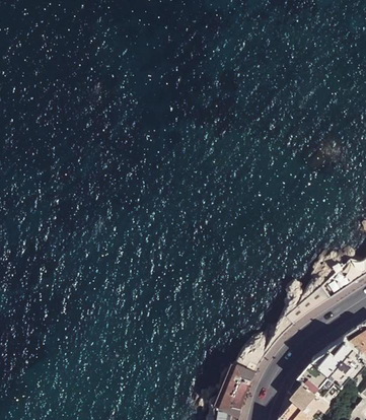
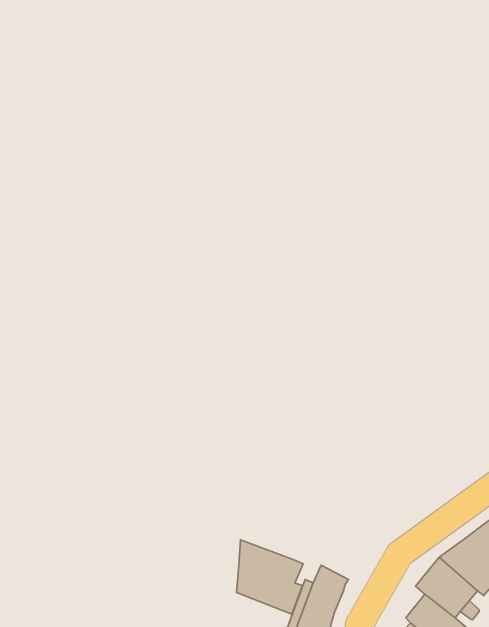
building: none -> [236,540,303,614]

